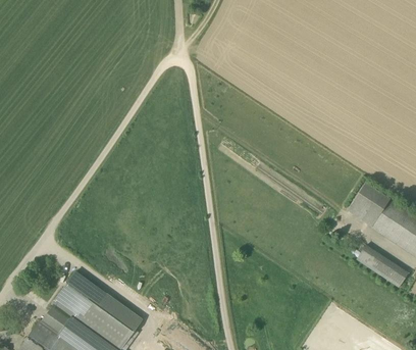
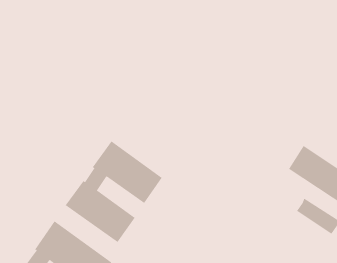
building: none -> [65,141,163,243]

